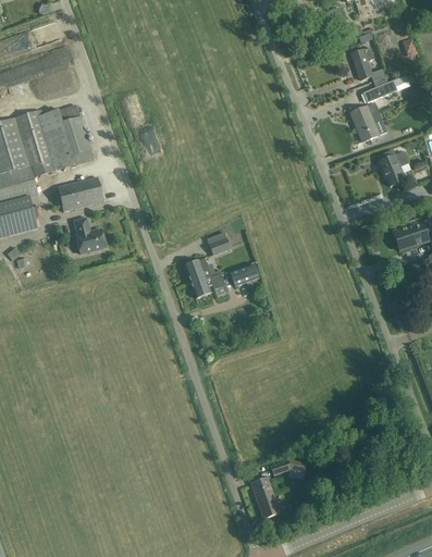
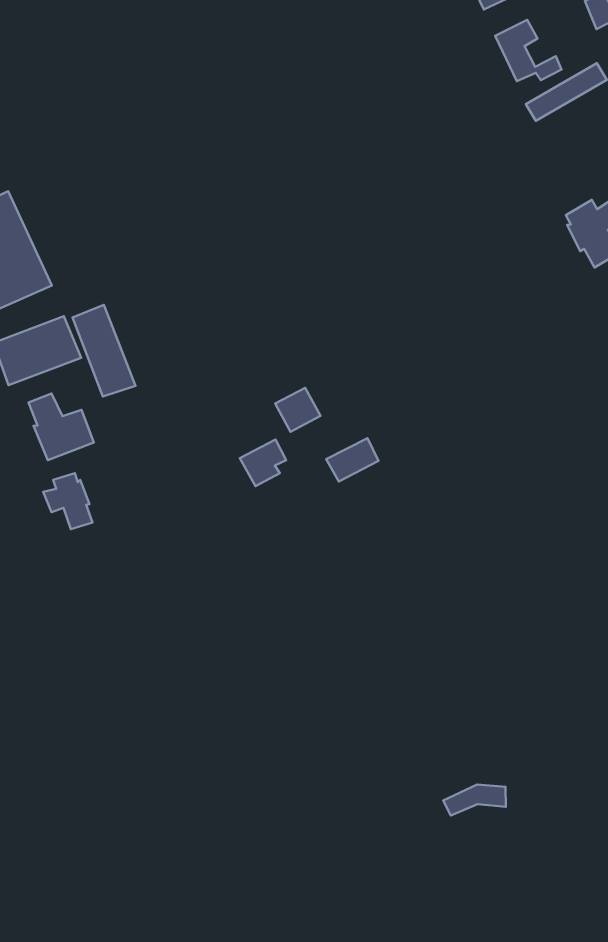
building: [349,102,381,141] -> none
building: none -> [73,305,135,397]
building: none -> [43,473,93,529]
building: [189,270,224,298] -> none
building: [250,476,279,519] -> none

